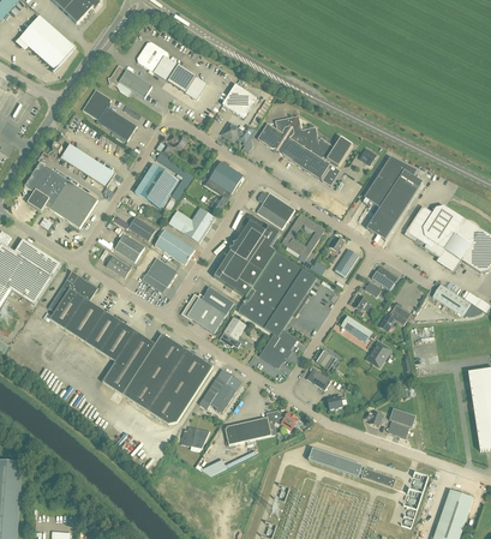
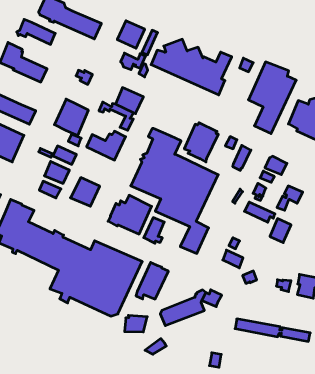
building: [256,191,294,228] -> none
building: [154,227,194,263] -> none

